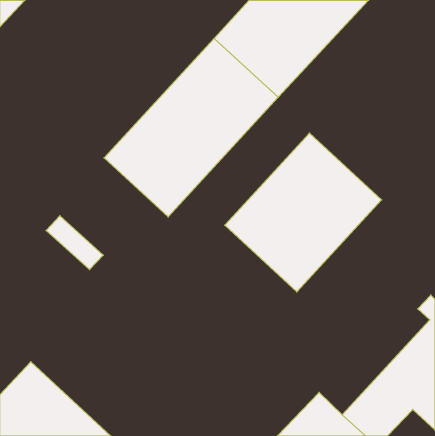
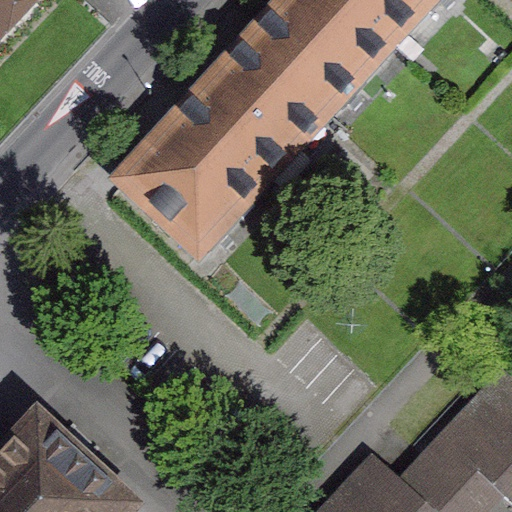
building: [225,133,382,292] -> none

